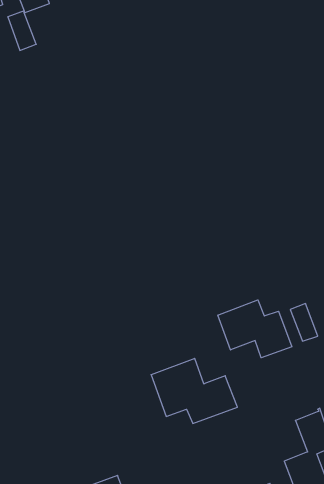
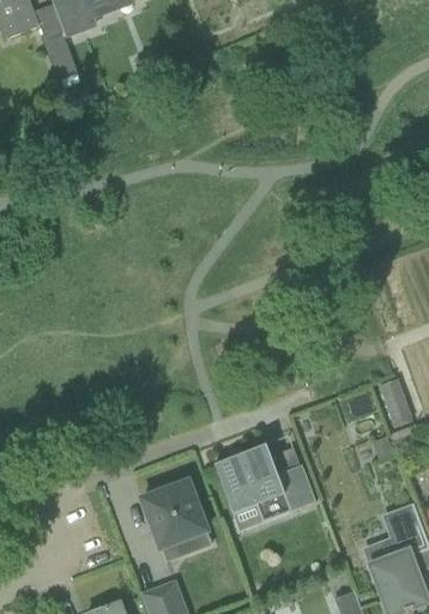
building: [218,300,292,358] -> none
building: none -> [141,481,206,561]

